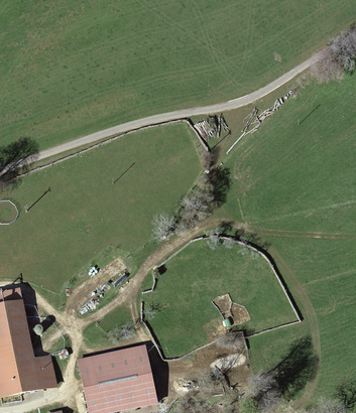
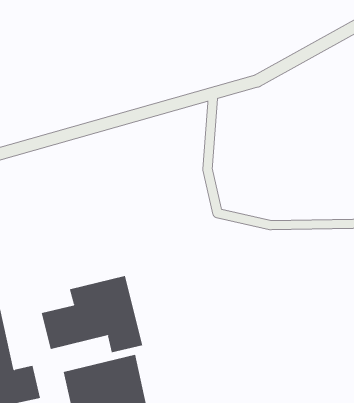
building: none -> [41,275,143,353]

